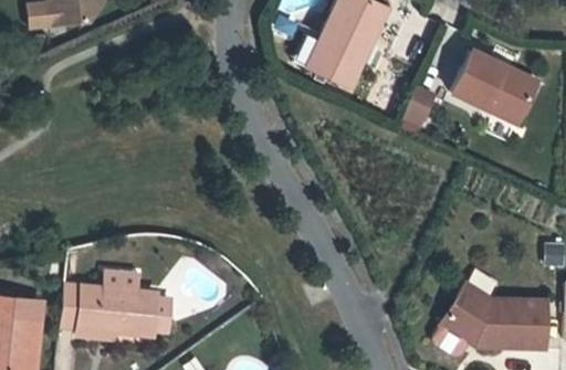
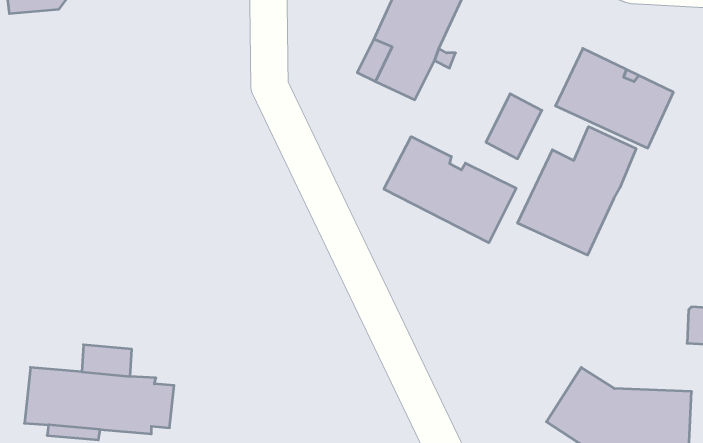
building: none -> [518,127,636,255]
building: none -> [384,137,516,243]

